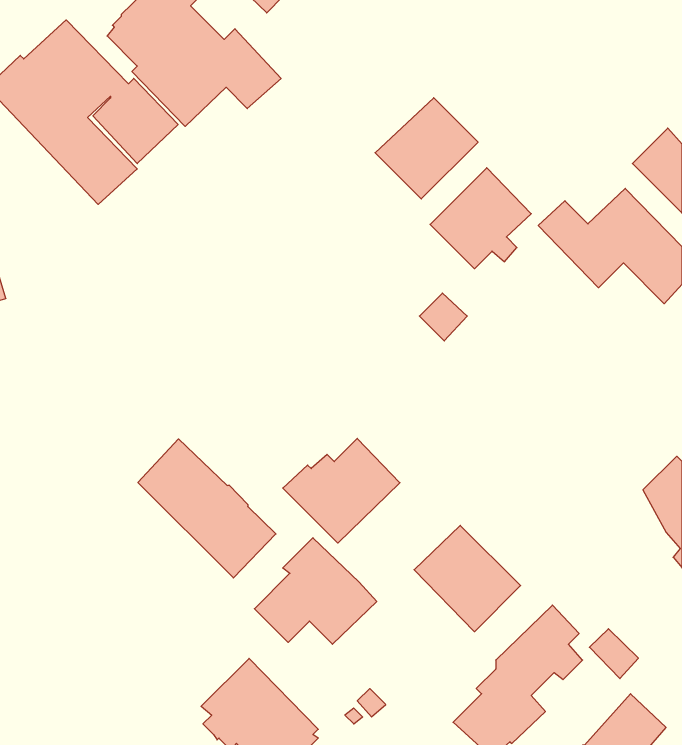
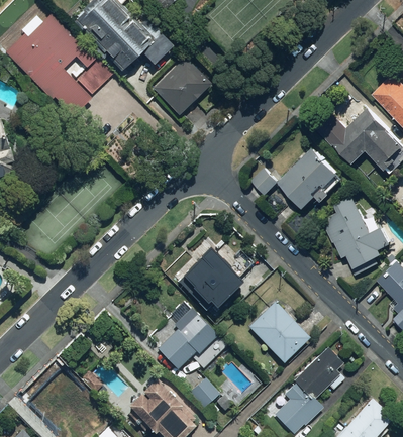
building: [375,98,478,199] -> [153,58,211,115]
building: [430,168,531,269] -> [281,149,338,207]
building: none -> [323,197,392,276]
building: [138,439,276,578] -> none
building: [589,629,638,679] -> none
building: none -> [190,377,219,406]

